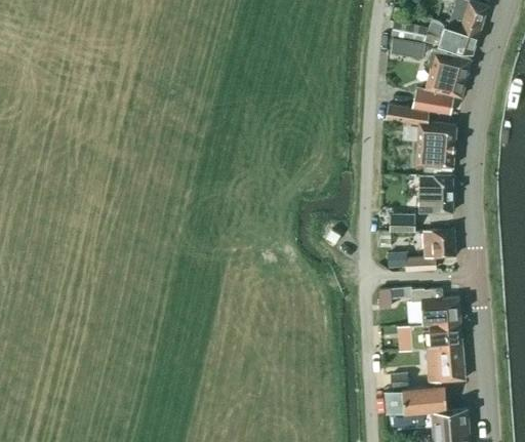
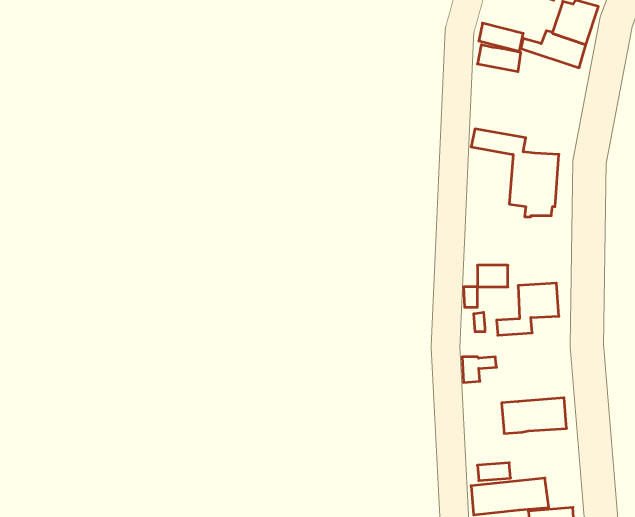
building: [419,49,471,115] -> none
building: [418,174,452,212] -> none
building: [410,288,459,324] -> none
building: [426,346,465,383] -> none

